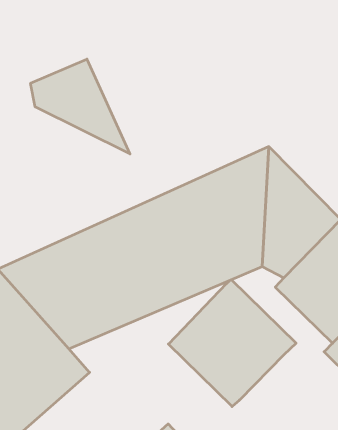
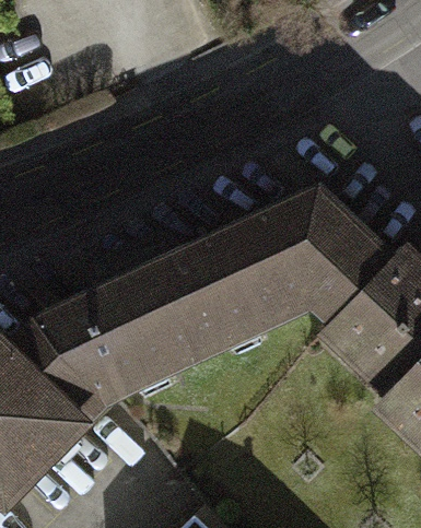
building: [31,59,130,154] -> none
building: [168,280,296,407] -> none

